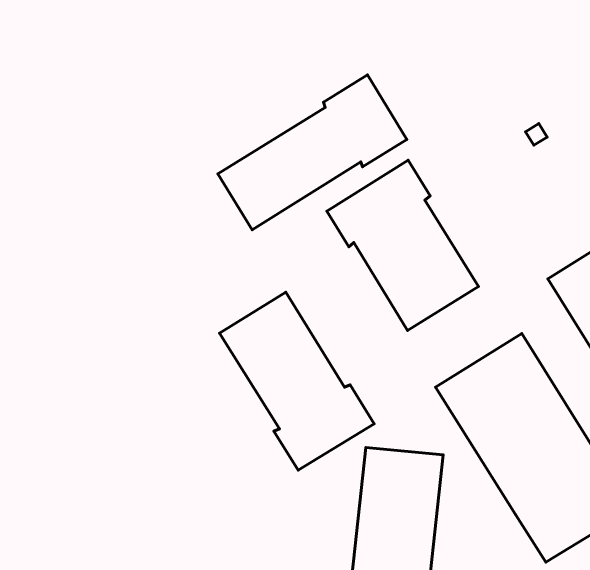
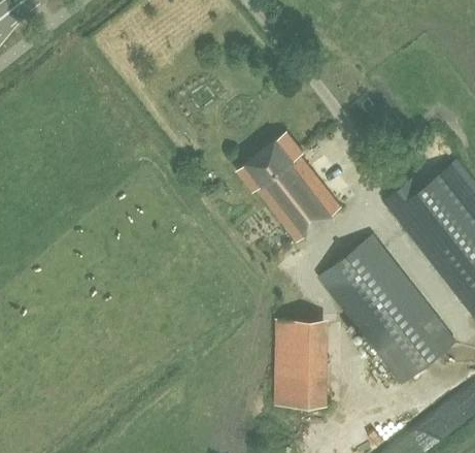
building: [218,75,407,230] -> none
building: [220,292,374,470] -> none

